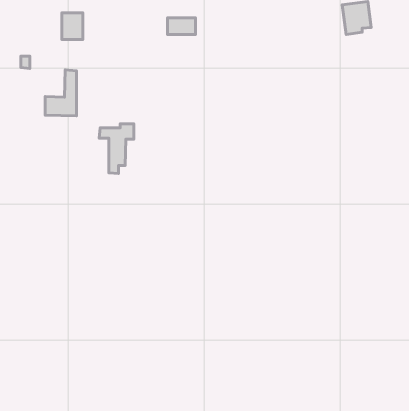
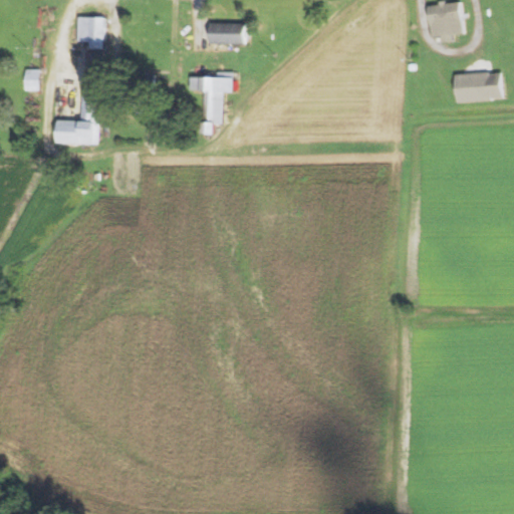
building: none -> [454,72,502,102]
building: [99,124,134,174] -> [190,72,233,135]

